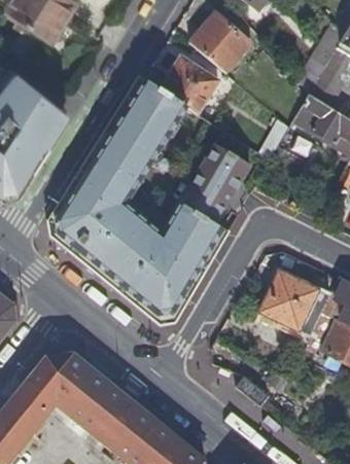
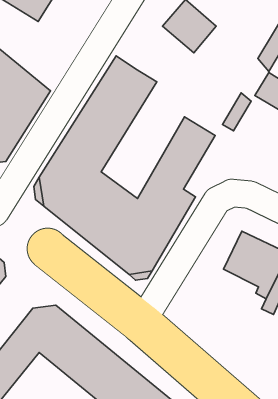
building: [162,57,219,112] -> none

